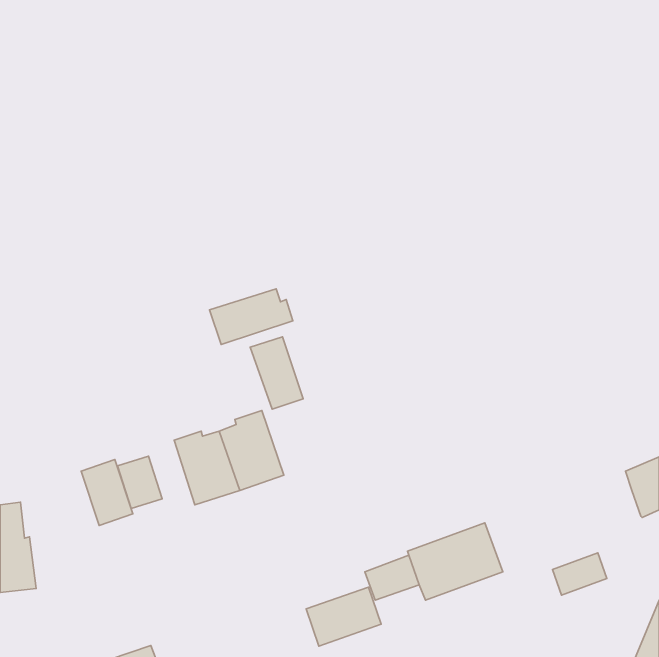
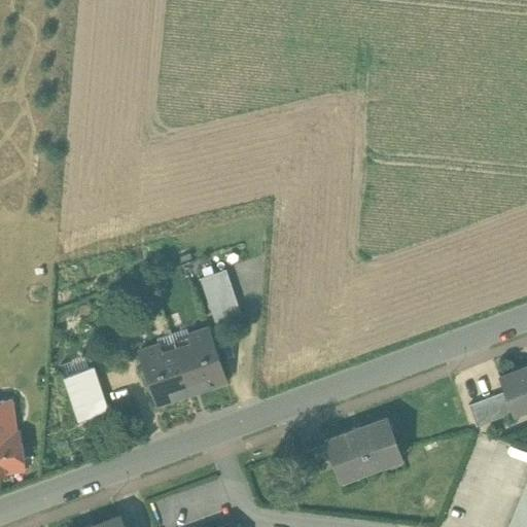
building: [209,289,293,345] -> none
building: [117,456,162,508] -> none
building: [553,553,607,595] -> [468,393,512,427]
building: [306,587,381,646] -> none

